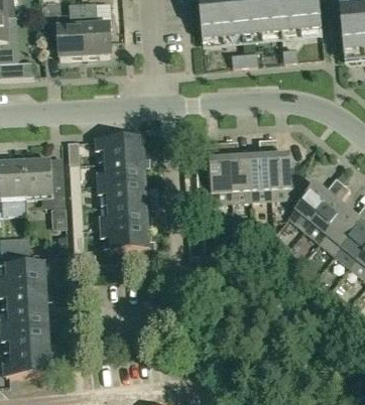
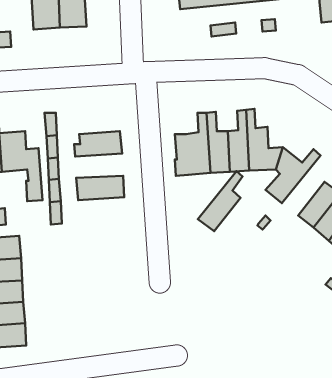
building: [96,135,143,160] -> none
building: [99,179,146,204] -> none
building: [303,181,348,241] -> [198,171,243,231]
building: [102,223,149,248] -> none

